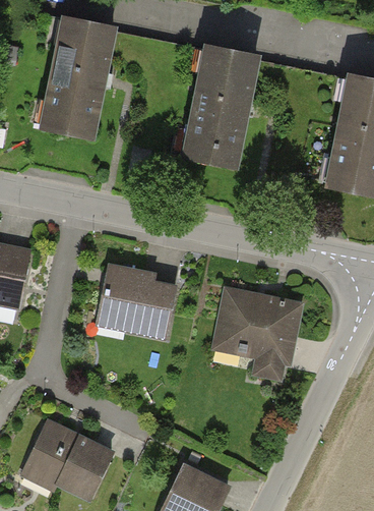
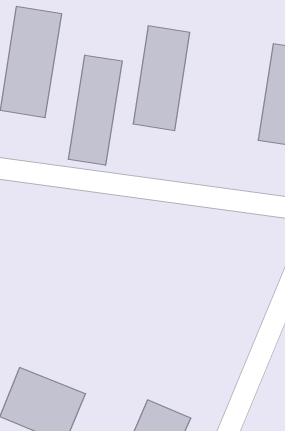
building: none -> [68,55,122,165]
building: [98,265,176,341] -> none
building: [215,286,297,383] -> none

